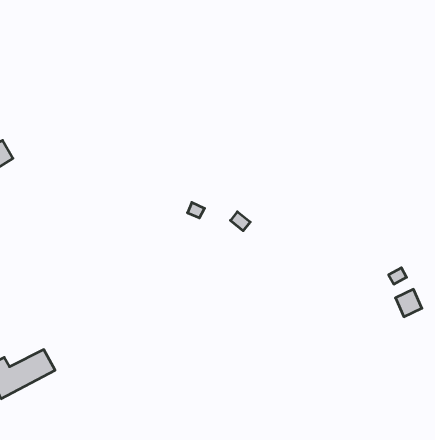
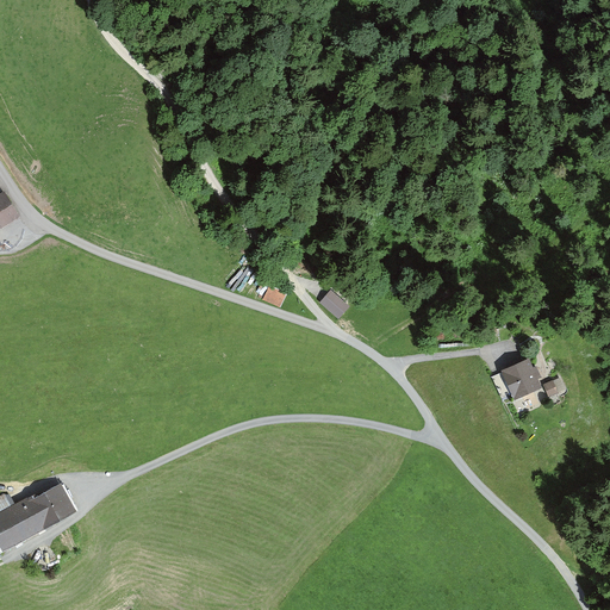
building: [395,289,422,317] -> [500,361,537,399]

